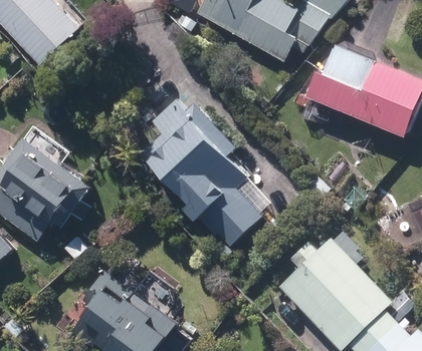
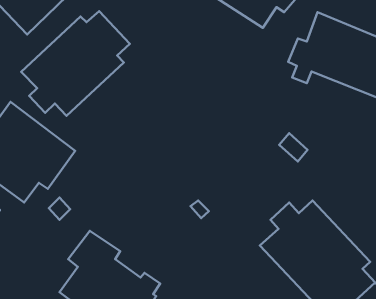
building: none -> [21,11,130,116]
building: [142,97,261,246] -> none

